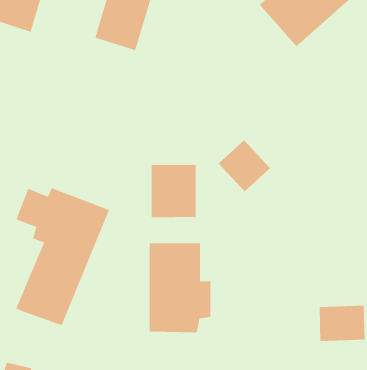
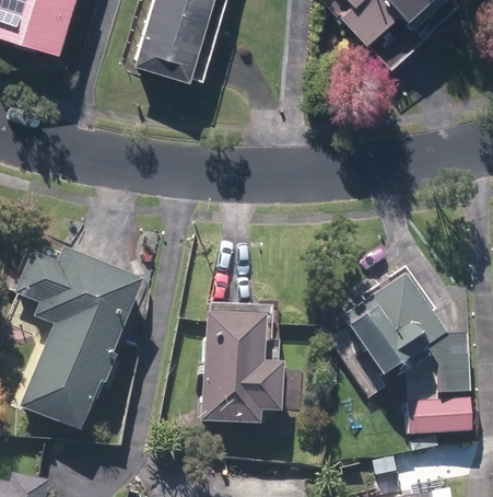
building: [218,139,271,192] -> none
building: [151,164,196,218] -> none
building: none -> [327,261,463,392]

